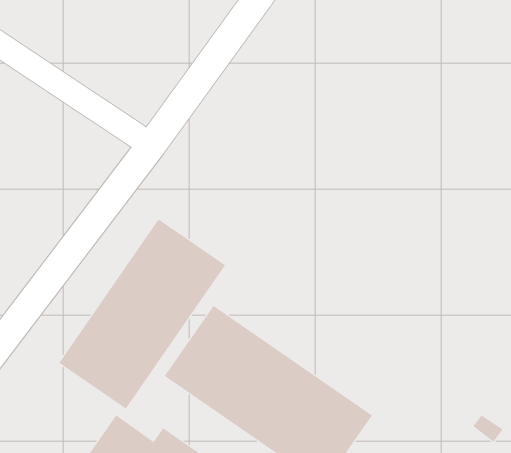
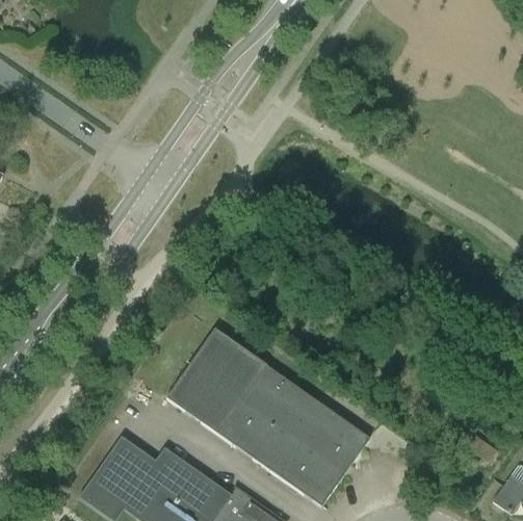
building: [58,219,226,410] -> none

